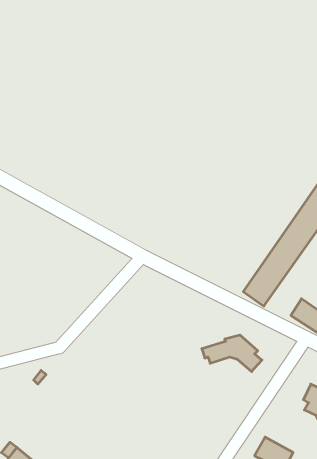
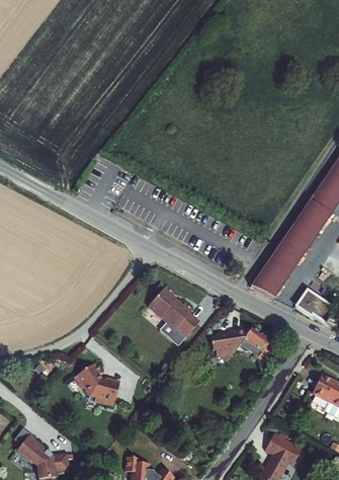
building: none -> [149,284,200,344]
building: none -> [75,362,121,403]

